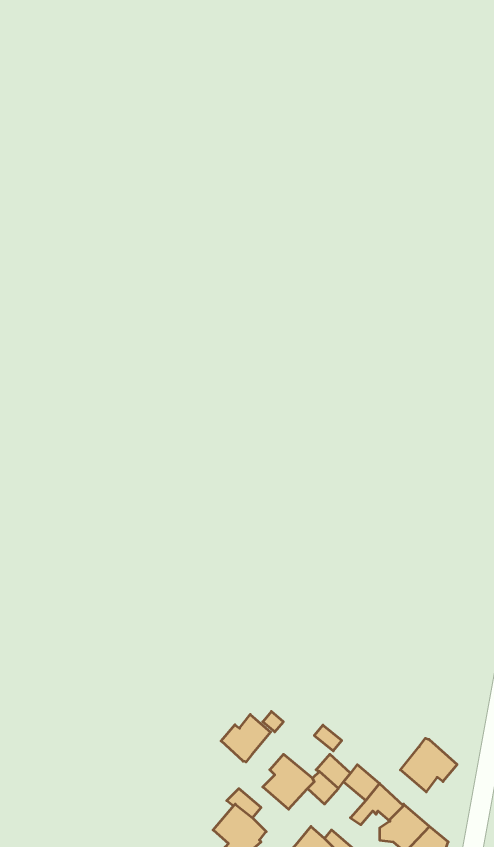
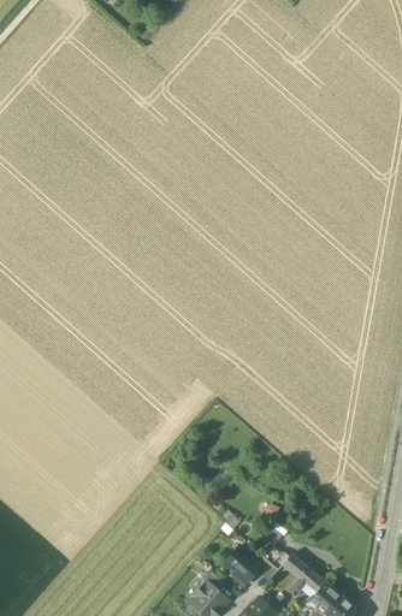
building: [221,714,271,762] -> none
building: [400,738,457,792] -> none

